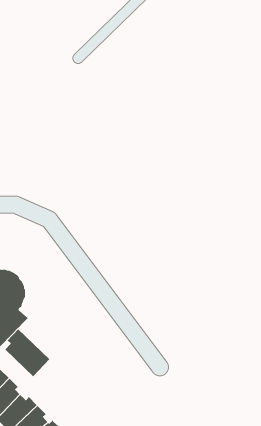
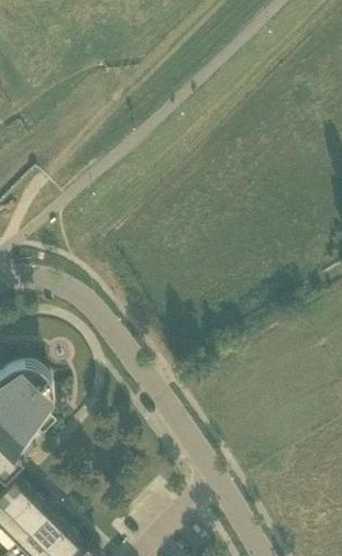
building: [4,328,50,377] -> none

